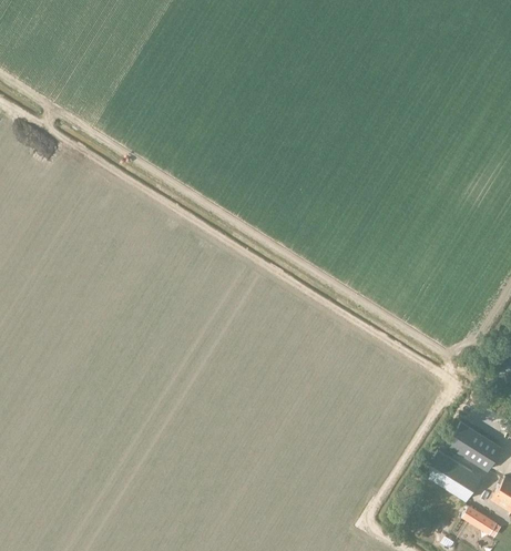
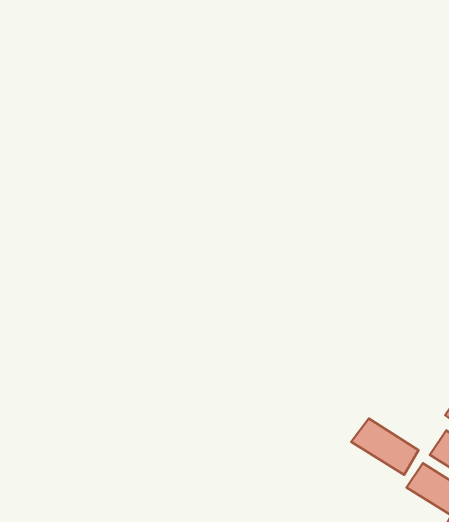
building: none -> [351,419,418,475]

